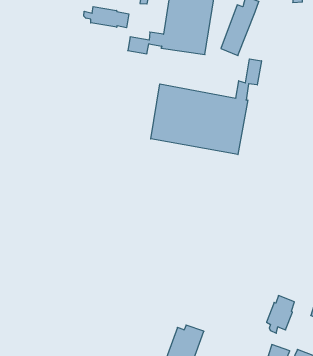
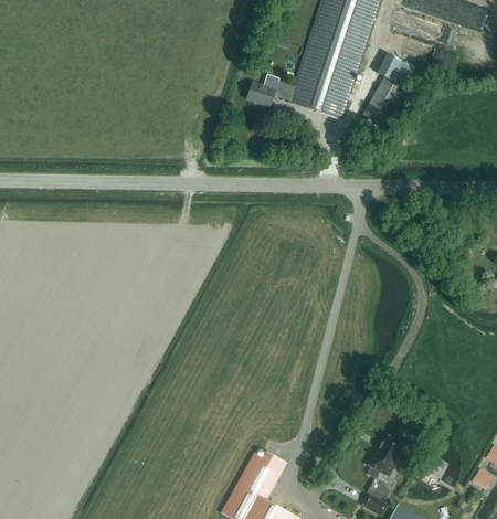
building: [84,7,129,28] -> none
building: [151,59,261,155] -> none

